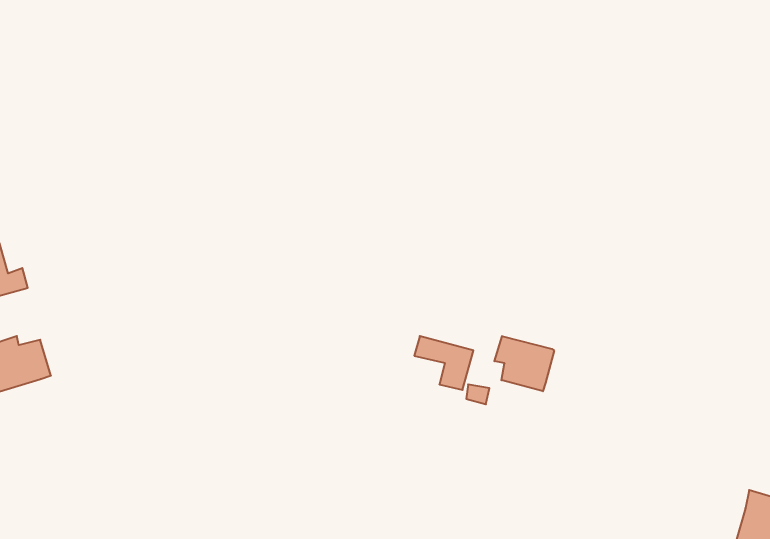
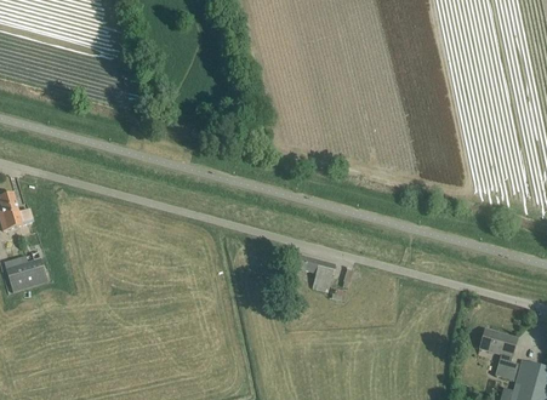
building: [494,336,554,391] -> none
building: none -> [479,327,519,379]

